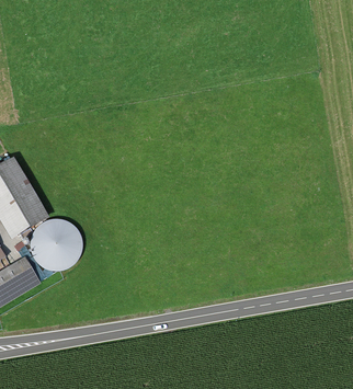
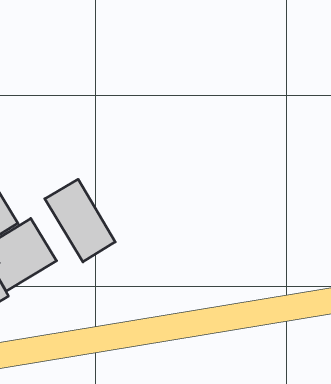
building: none -> [45,179,115,262]

